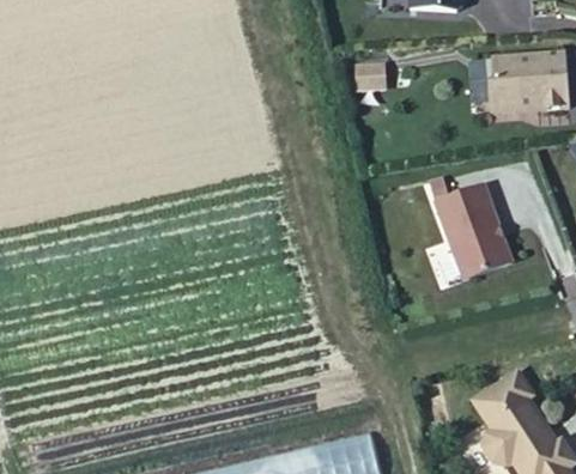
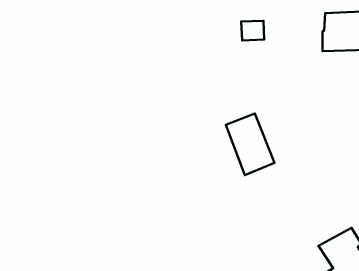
building: [435,188,505,278] -> [226,113,274,175]

